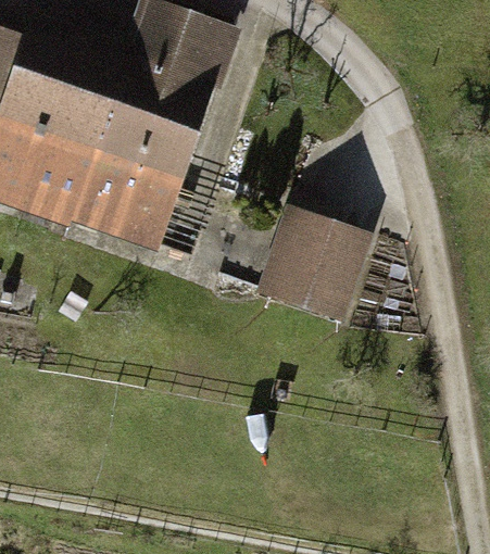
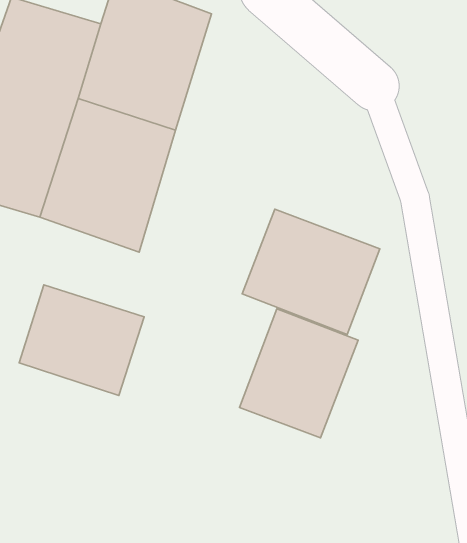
building: none -> [19,285,144,396]
building: none -> [240,309,358,438]

